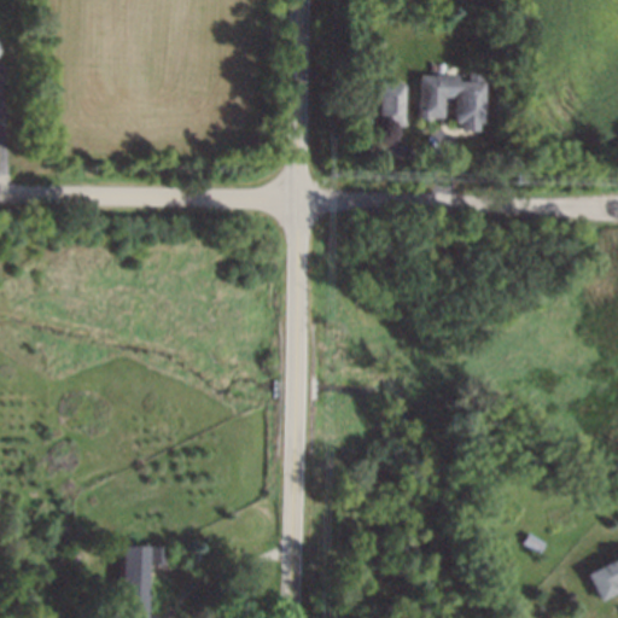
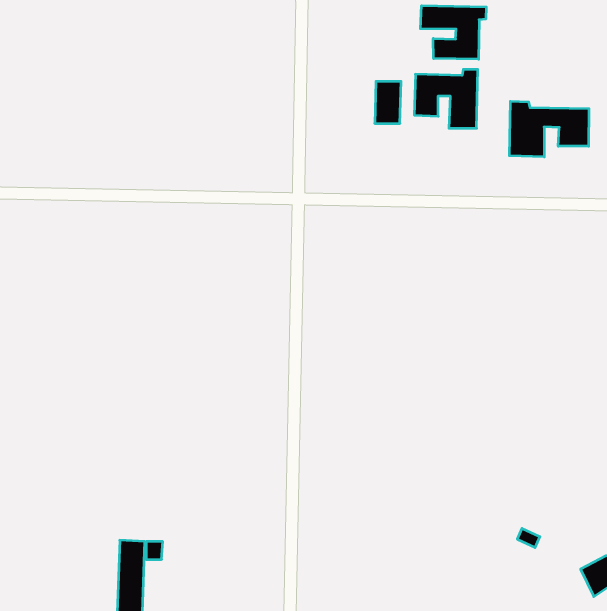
building: none -> [420,6,486,59]
building: none -> [509,101,589,157]

